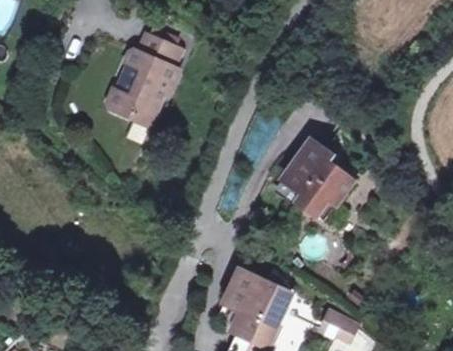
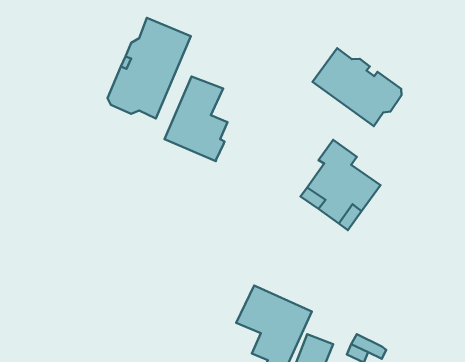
building: none -> [312,48,402,126]
building: none -> [165,76,228,161]

